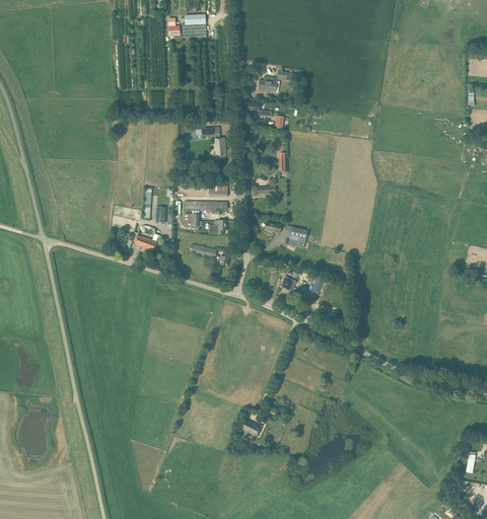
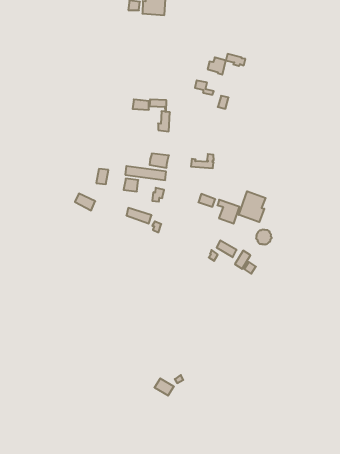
building: none -> [239,191,266,222]

